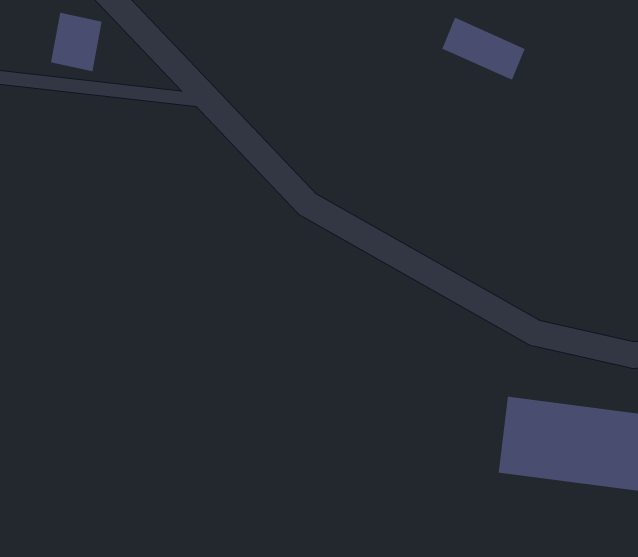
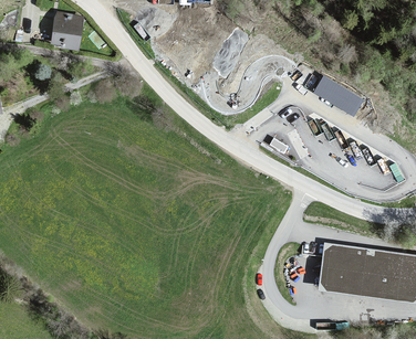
building: [442,17,525,80] -> [313,77,363,115]

